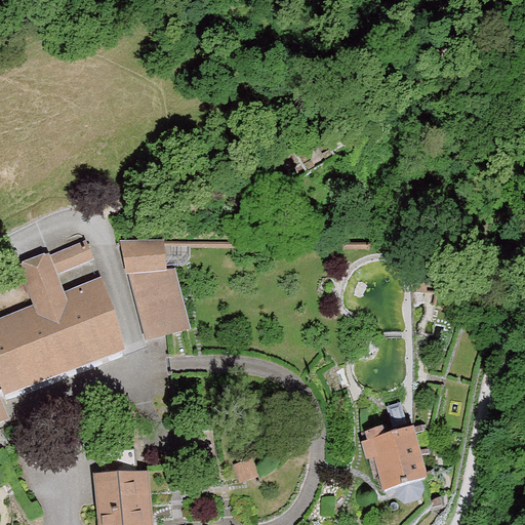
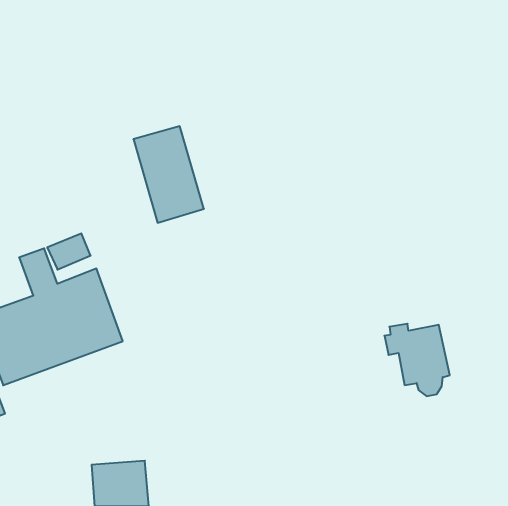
building: [120,242,192,340] -> [133,126,204,223]
building: [361,427,428,500] -> [384,324,450,396]

